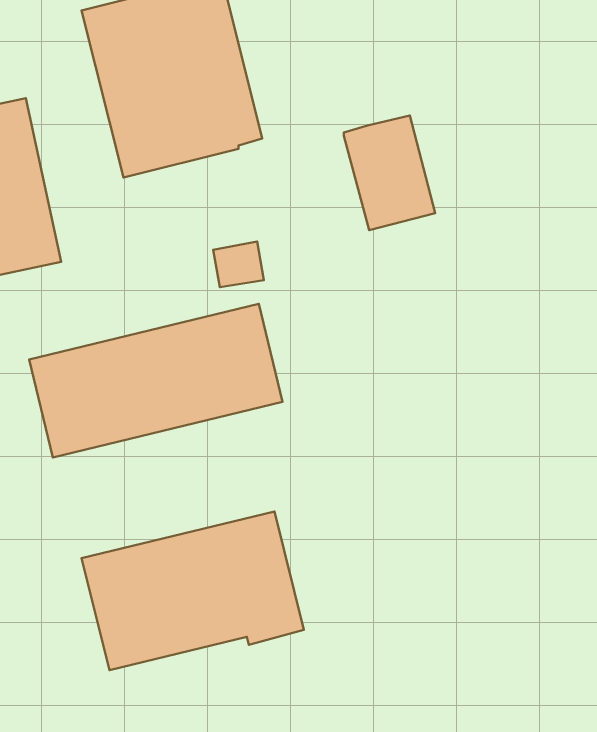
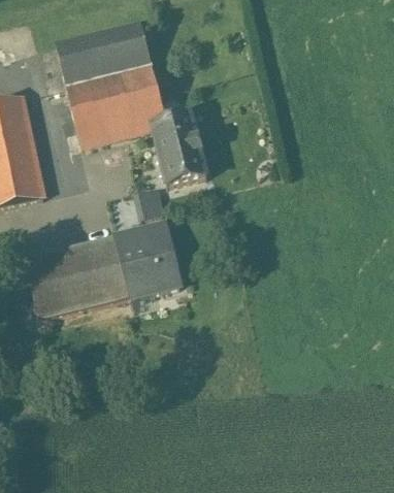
building: [344,115,435,230] -> [153,116,208,186]
building: [82,511,304,670] -> none

